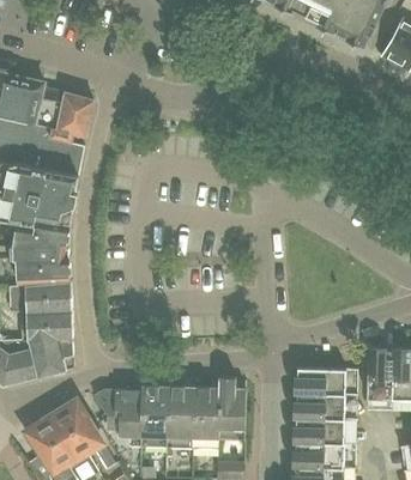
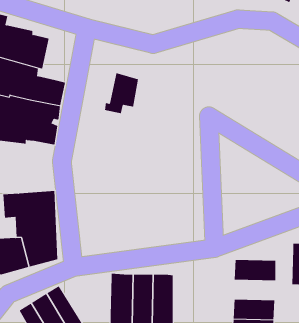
building: [49,91,92,142] -> [104,73,139,114]
building: [12,218,71,284] -> none
building: [218,375,246,438] -> none
building: [92,388,140,436] -> none
building: [294,391,346,417] -> none

